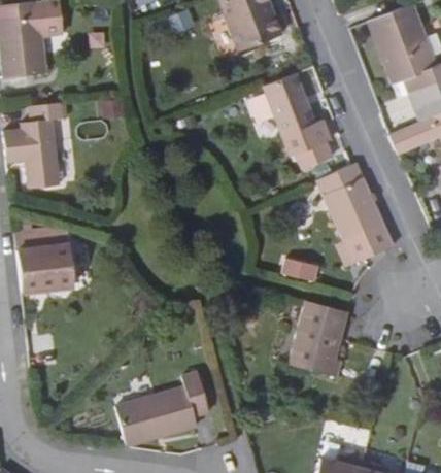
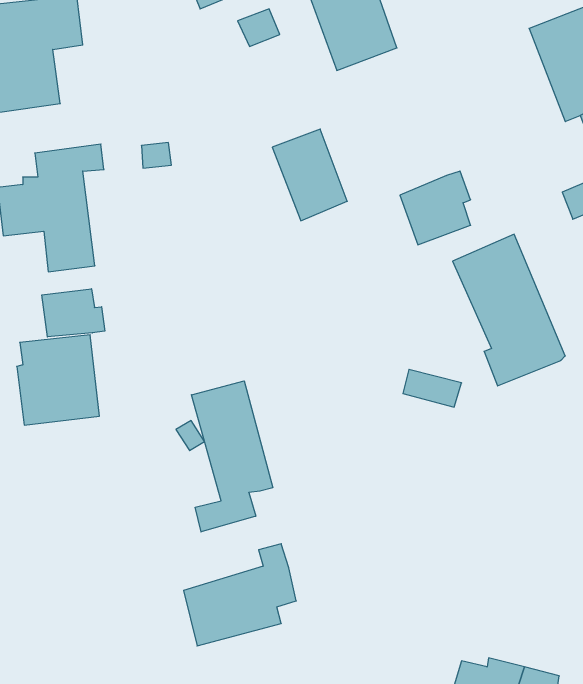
building: [260,73,311,136] -> [272,129,347,221]
building: none -> [42,289,105,337]
building: none -> [191,381,273,532]
building: [289,301,348,377] -> none

